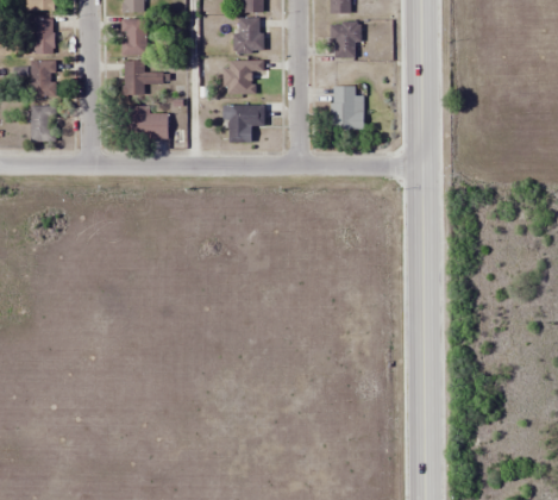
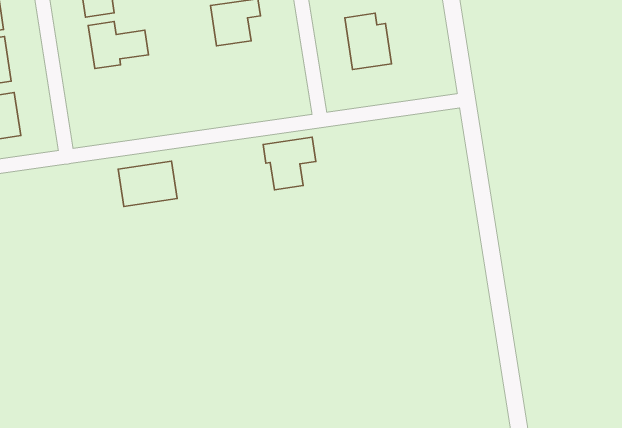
building: [222,105,263,143] -> [263,137,316,190]
building: [124,107,168,138] -> [118,161,177,207]

